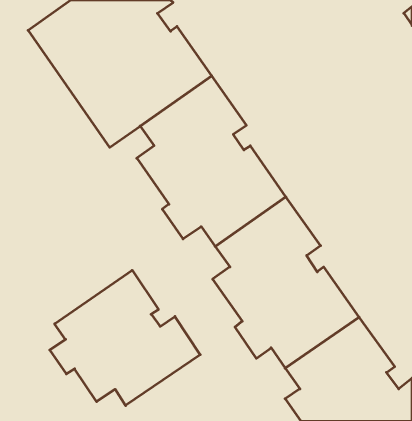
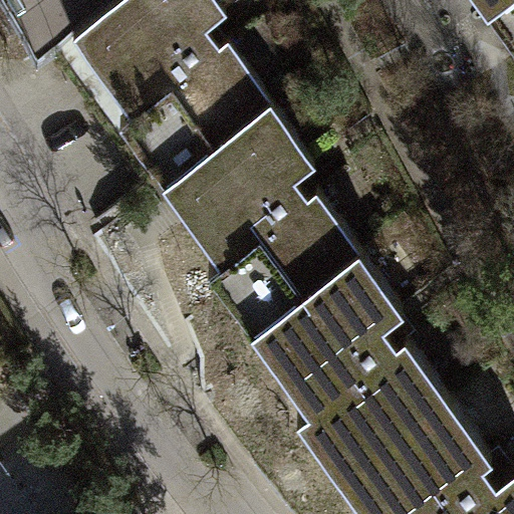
building: [50,270,200,406] -> none

